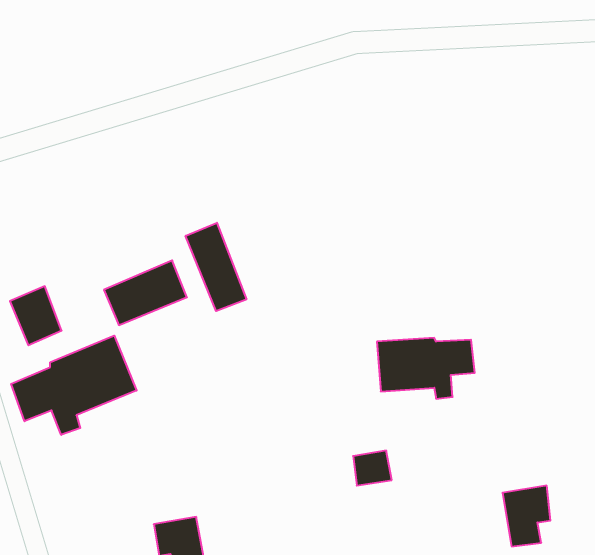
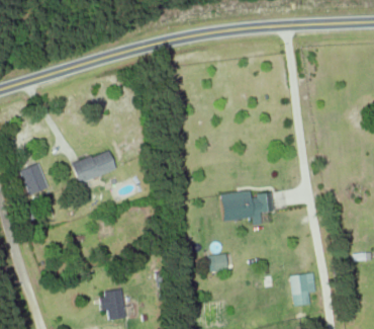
building: [186,223,246,311] -> none
building: [11,336,137,435] -> none

